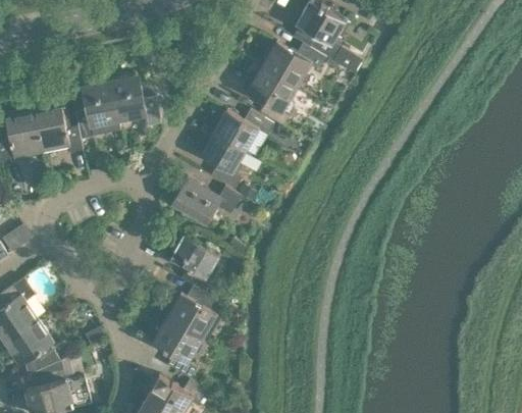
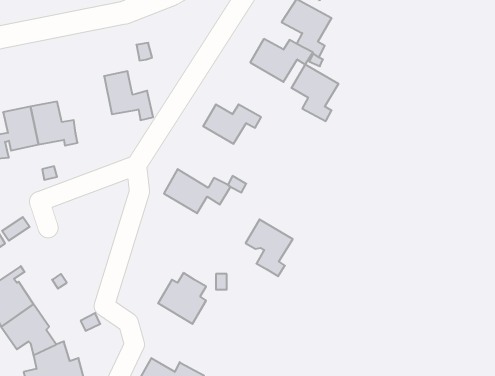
building: [248,66,297,125] -> [291,64,339,121]
building: [75,81,120,140] -> none
building: [200,133,245,189] -> none
building: [170,234,219,293] -> [246,219,293,276]
building: [152,317,202,379] -> none

